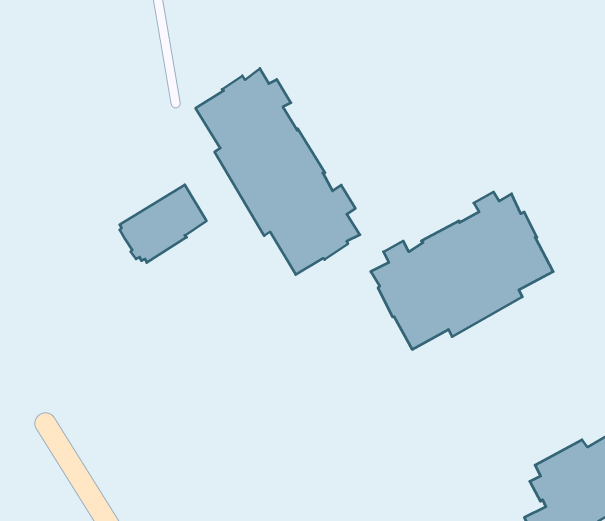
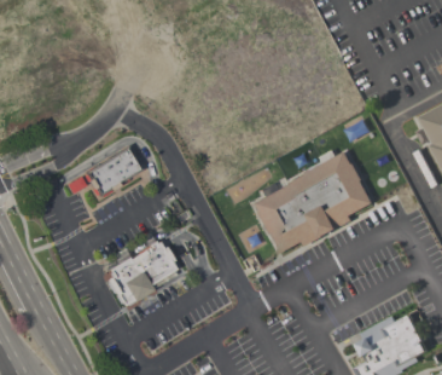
building: [196,68,360,275] -> none
building: none -> [105,241,175,306]

